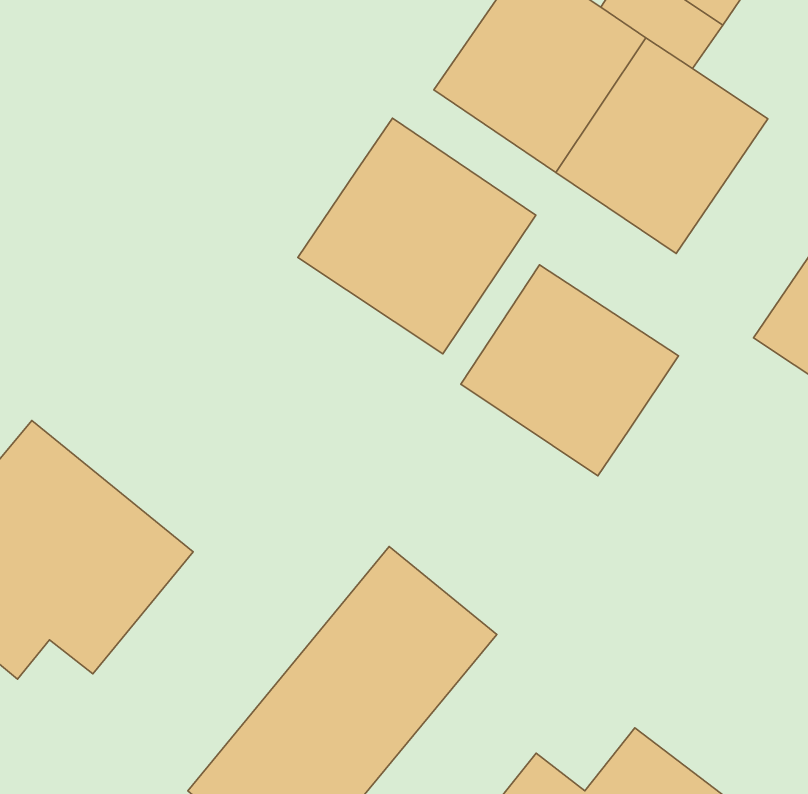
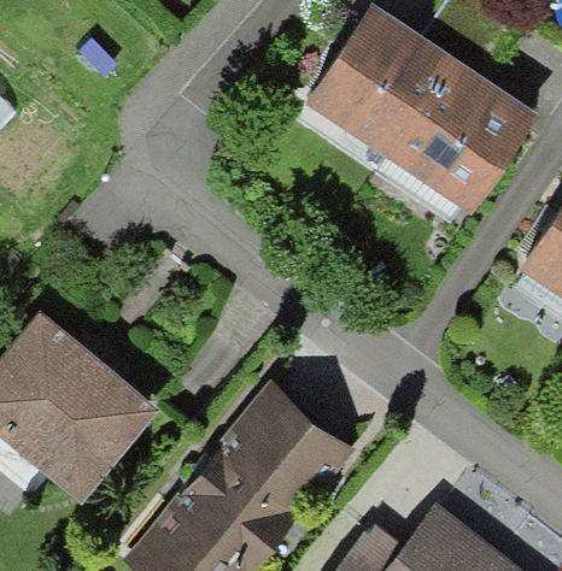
building: [298,118,536,354] -> none
building: [461,265,678,476] -> none

